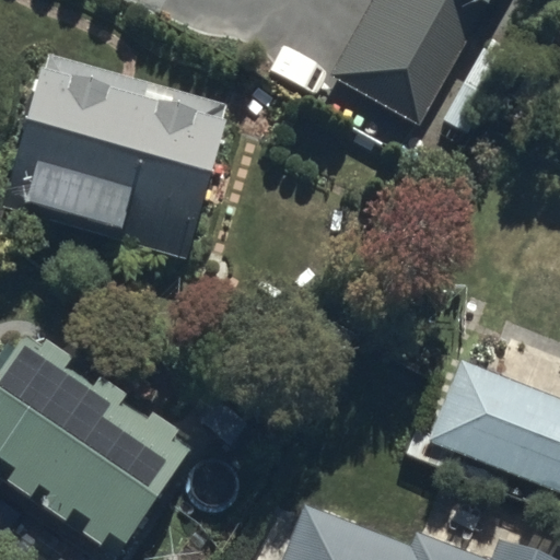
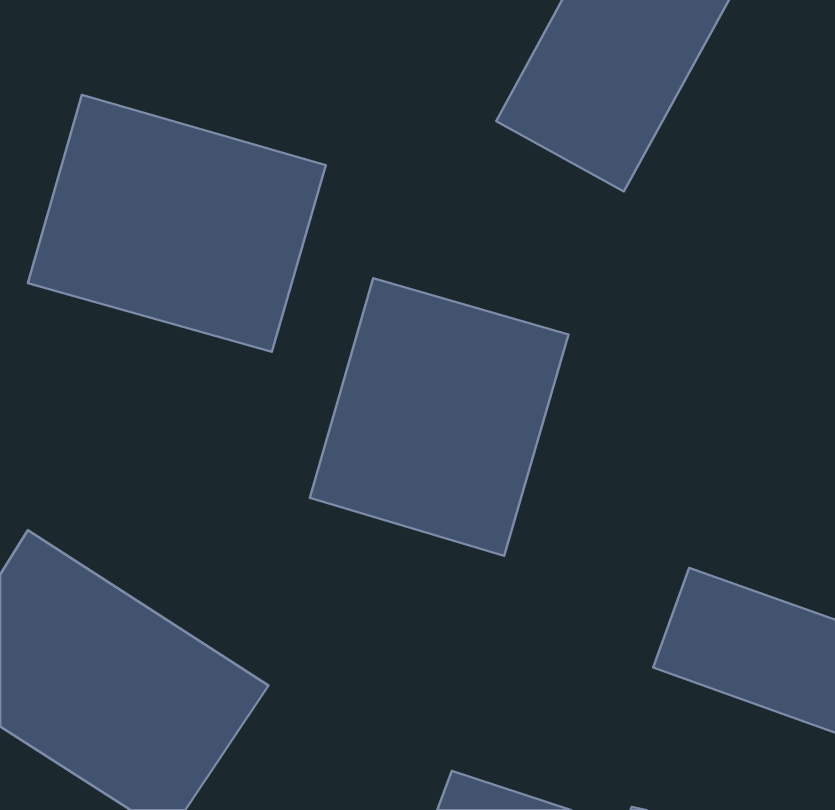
building: none -> [310,278,568,556]

